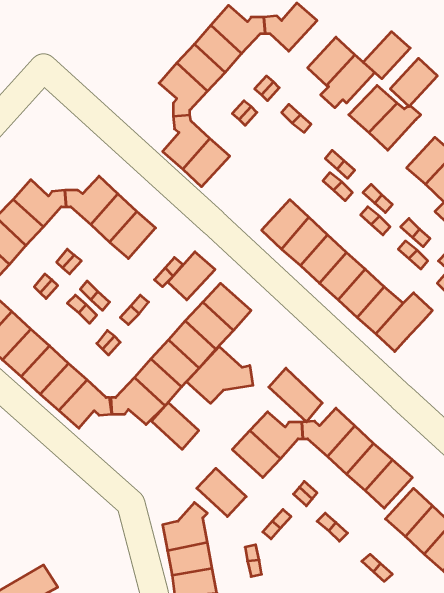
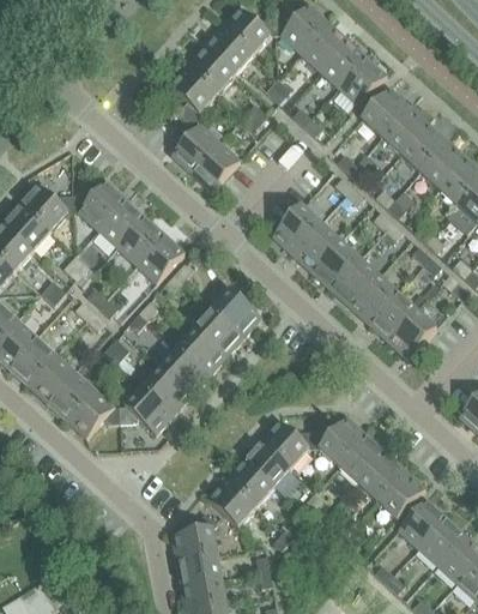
building: [363,32,410,79] -> [299,23,347,71]
building: [390,58,437,107] -> [400,124,448,173]
building: [168,252,215,300] -> [137,234,184,283]
building: [186,347,253,403] -> none
building: [269,368,322,422] -> none
building: [152,402,199,449] -> [225,459,273,507]

